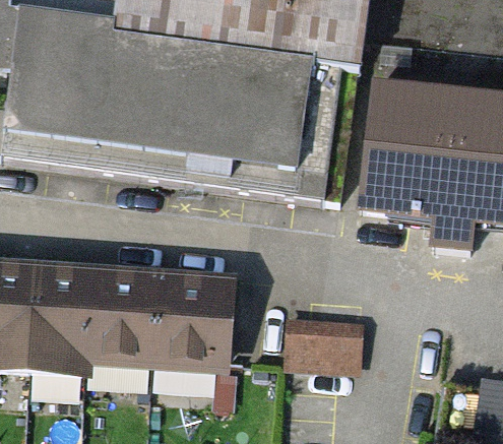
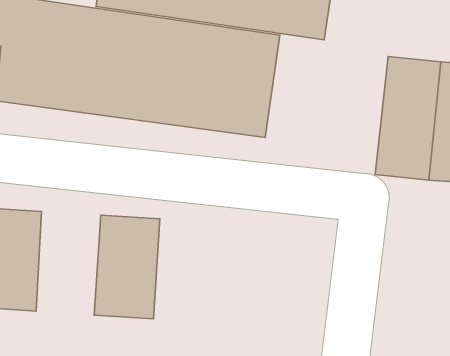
building: [356,83,429,219] -> none
building: [42,260,113,374] -> none
building: [171,268,243,382] -> none
building: [288,311,367,366] -> none

